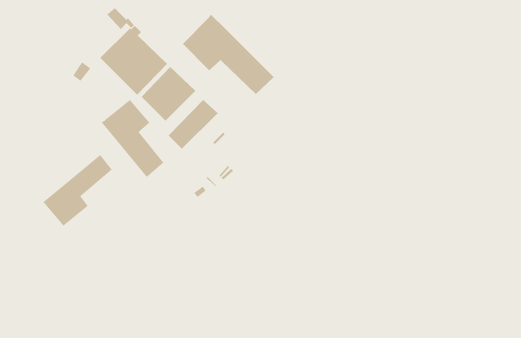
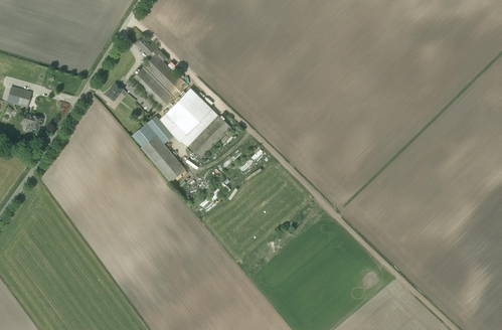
building: [182,14,274,95] -> none
building: [42,154,113,227] -> none

